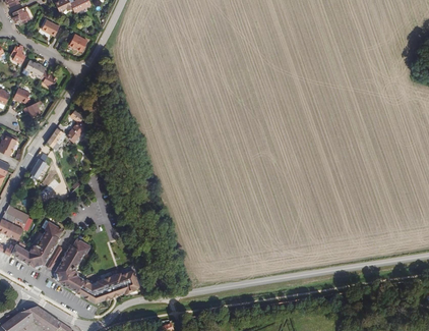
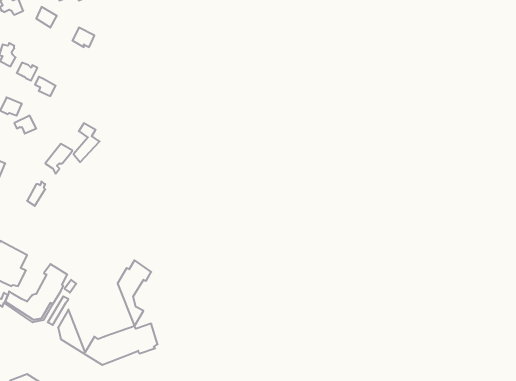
building: [65,236,91,288] -> [118,260,151,326]

